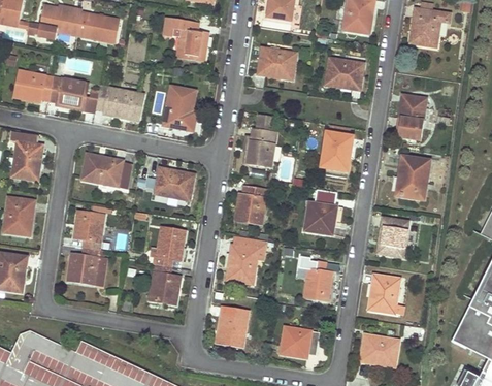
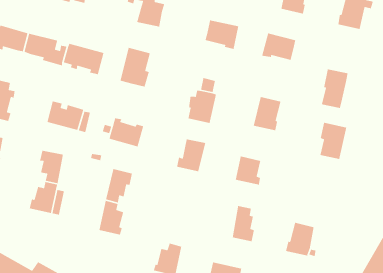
building: [376,218,407,258] -> none
building: [226,237,265,285] -> none

